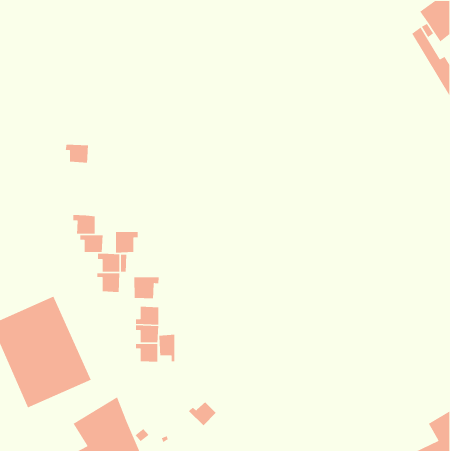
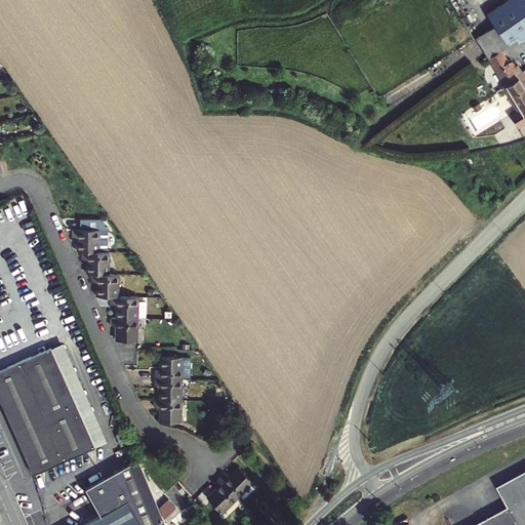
building: [65,144,89,163] -> [74,228,102,250]
building: [115,231,139,254] -> none
building: [134,276,159,299] -> none
building: [159,334,175,362] -> none
building: none -> [207,478,236,511]

